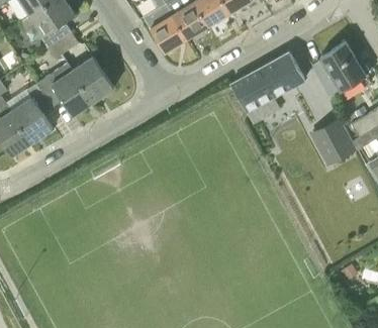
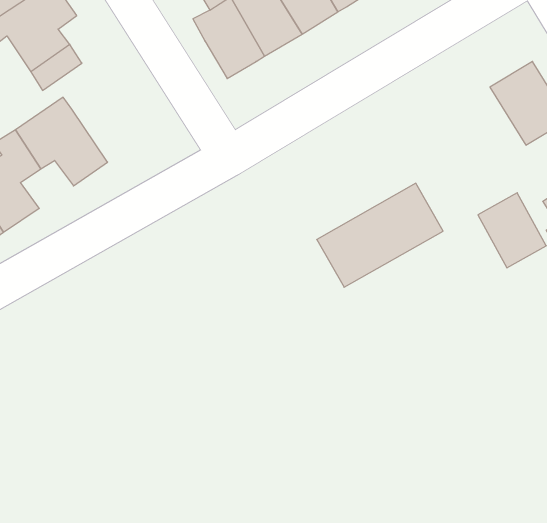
building: [230,52,305,114] -> [317,183,443,287]
building: [72,57,114,102] -> none

